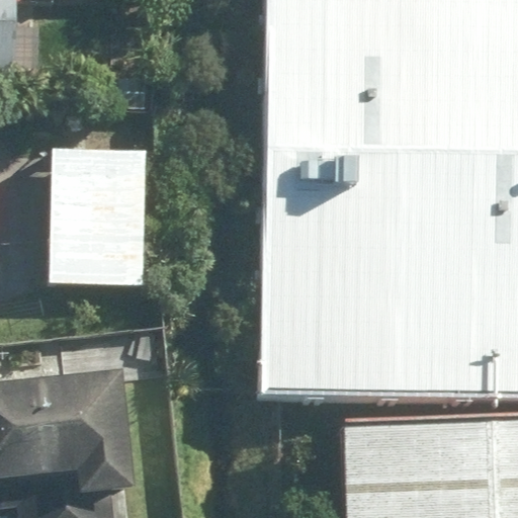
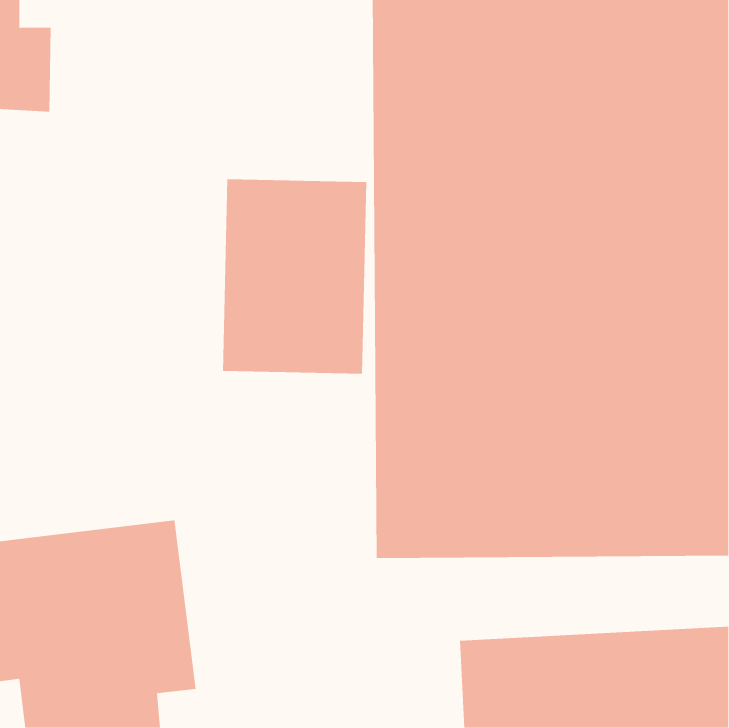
building: [50,148,152,285] -> [222,179,367,374]

